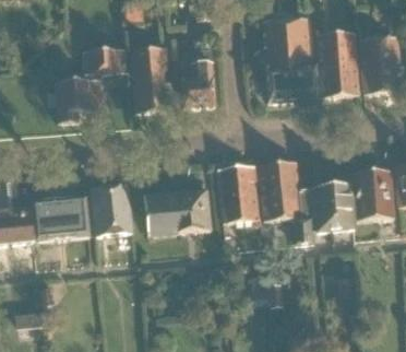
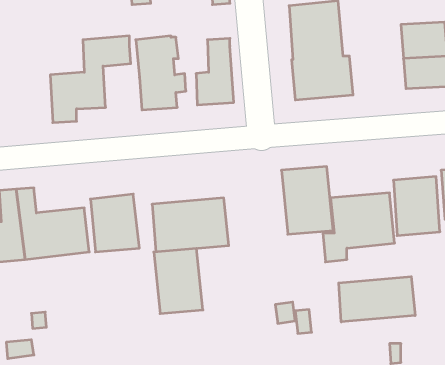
building: [319,31,361,96] -> none
building: [218,165,261,222] -> [154,248,203,314]
building: none -> [339,277,415,322]

